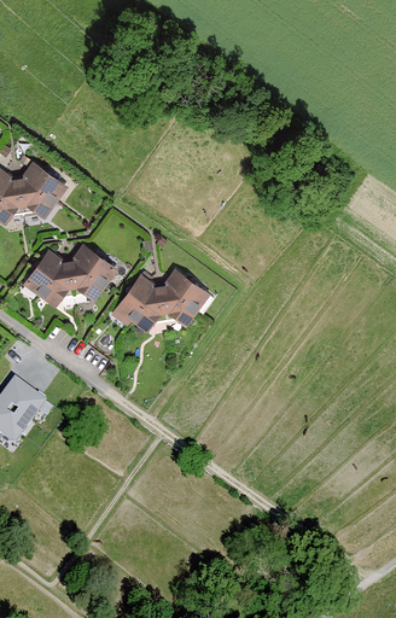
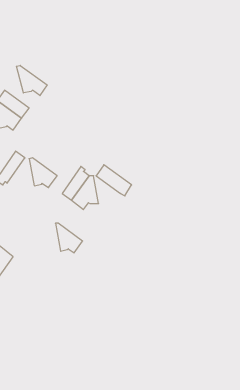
building: none -> [16,65,47,96]
building: [72,244,117,284] -> none
building: [36,258,75,307] -> none
building: [159,284,198,326] -> [55,223,83,253]

